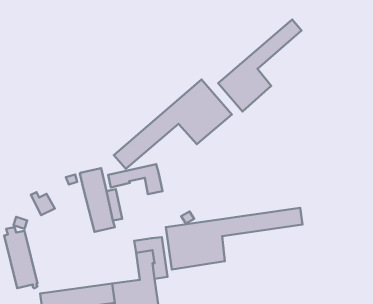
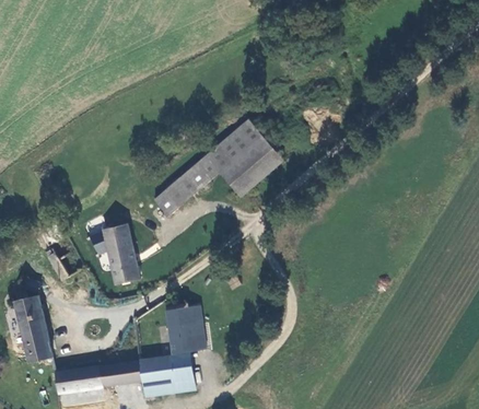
building: [218,19,302,111] -> none
building: [108,164,162,194] -> none
building: [166,208,303,269] -> none

